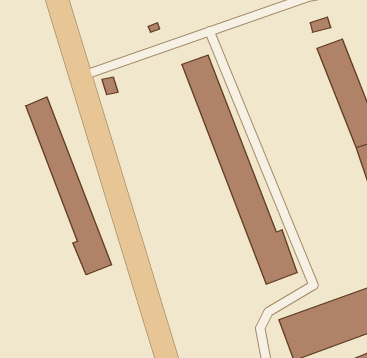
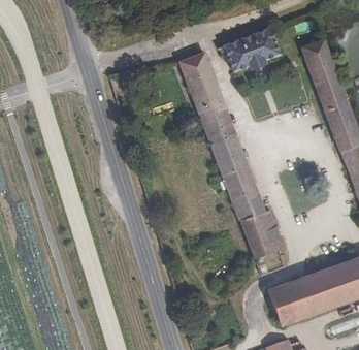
building: none -> [223,28,280,72]
building: [26,97,111,275] -> none

